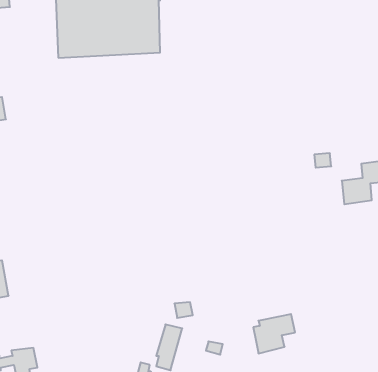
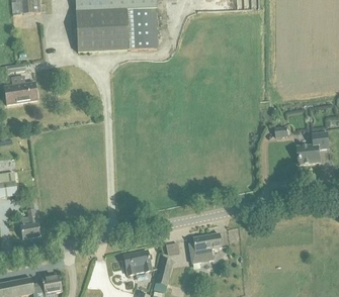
building: none -> [123,249,152,274]
building: [253,314,295,353] -> [188,230,221,261]

